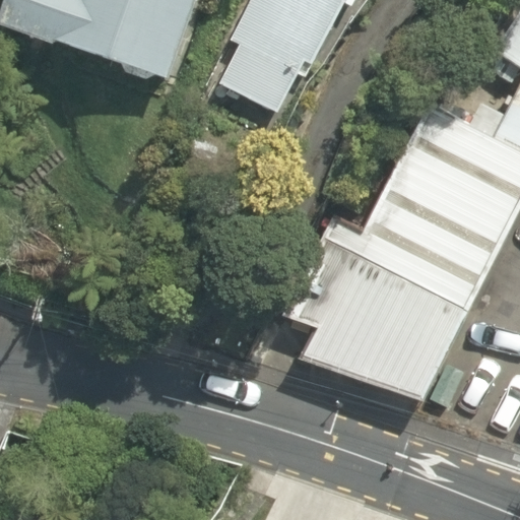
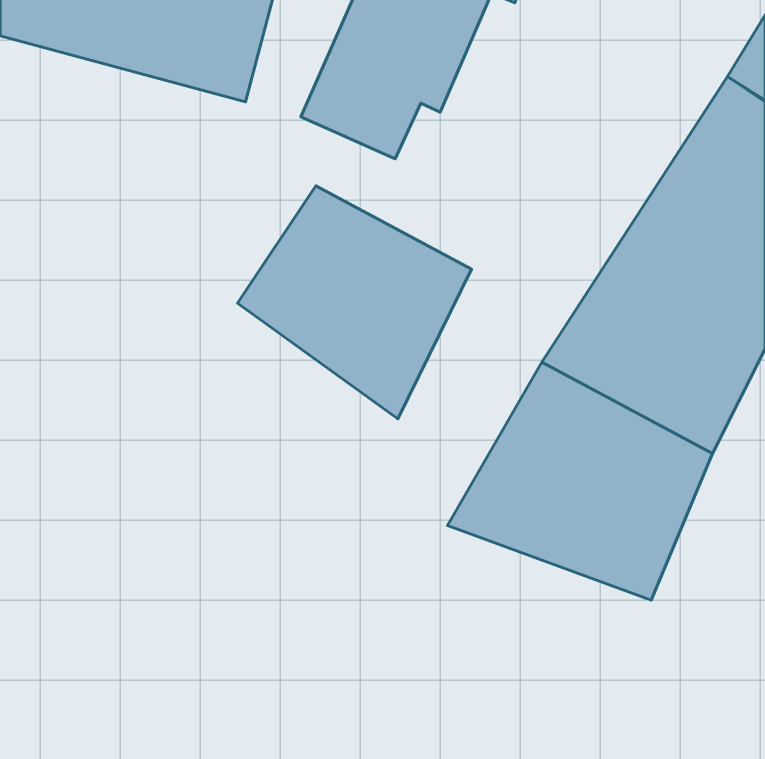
building: none -> [238,186,472,419]

